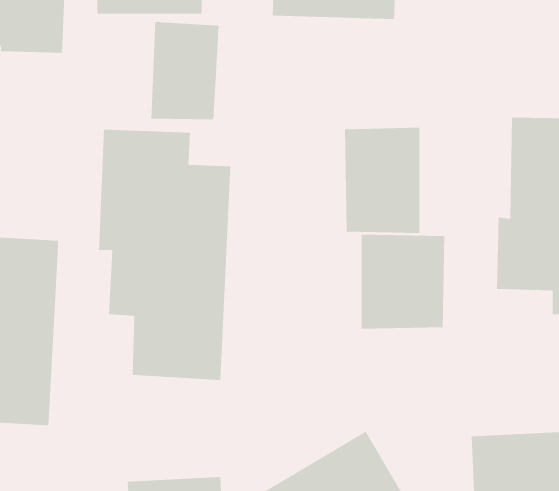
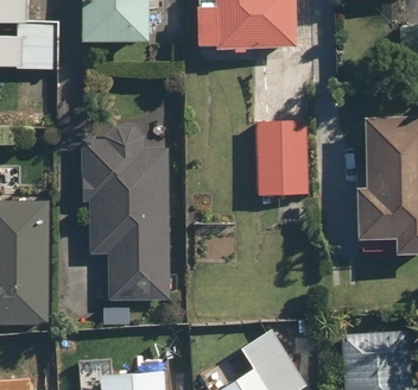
building: [151,21,219,120] -> none
building: [361,234,445,329] -> none

